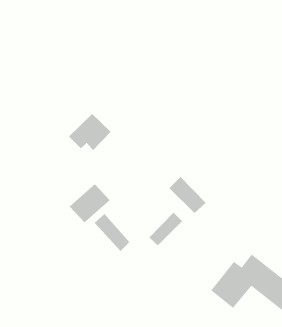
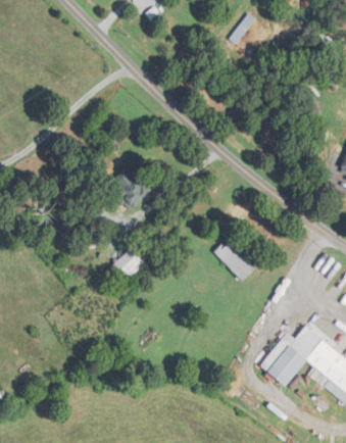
building: [148,212,183,246] -> none
building: [94,213,130,252] -> none

